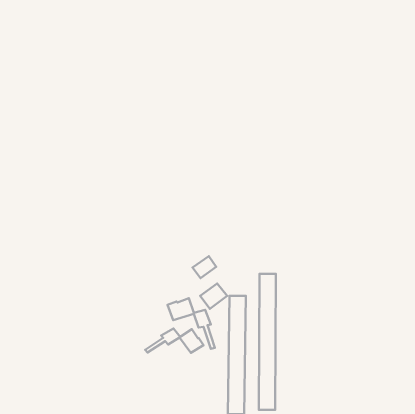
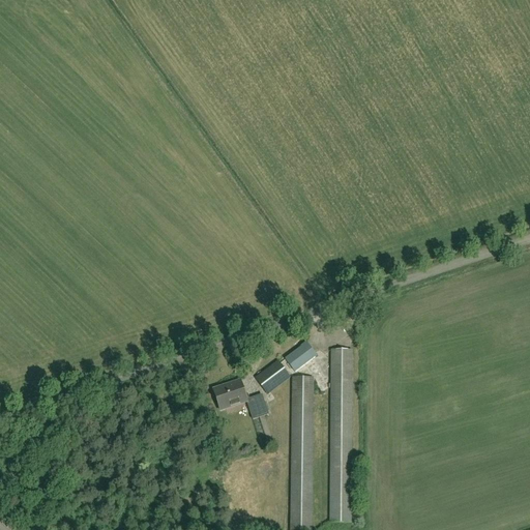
building: [192,256,216,278] -> [286,342,316,370]
building: [145,328,204,353] -> none

